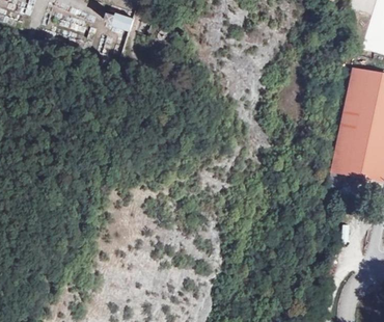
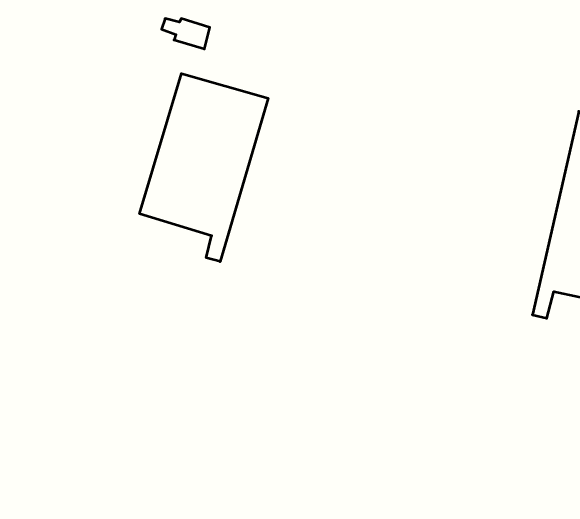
building: none -> [140,74,268,262]

